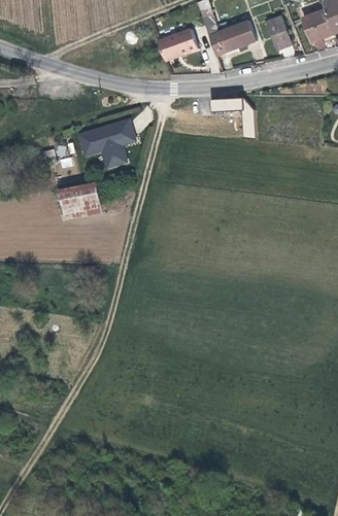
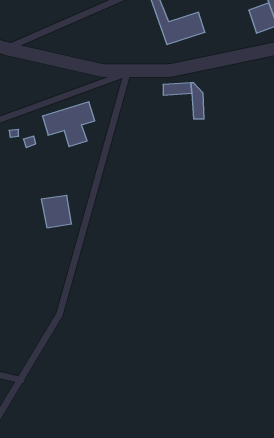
building: [266,20,291,55] -> none
building: [157,27,203,60] -> none
building: [57,184,90,219] -> [41,195,72,228]

